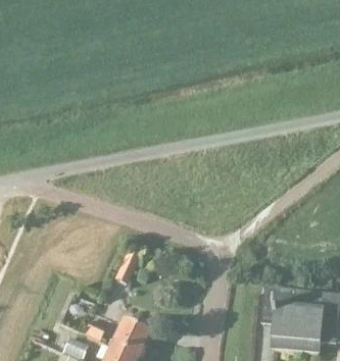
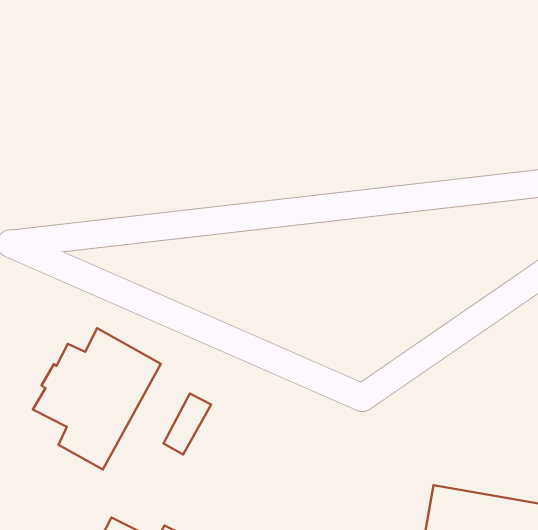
building: none -> [33,328,161,469]

